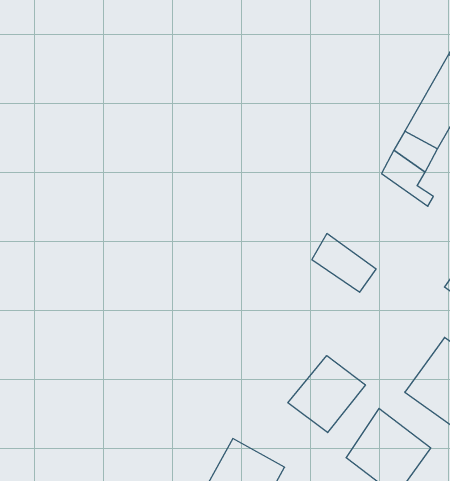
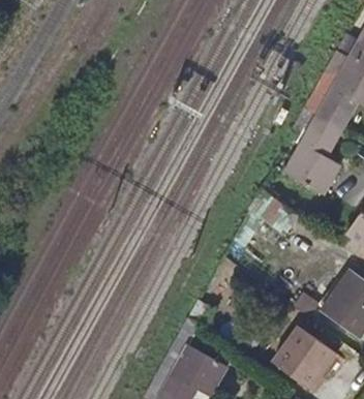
building: none -> [285,146,335,192]
building: [288,356,365,433] -> none

